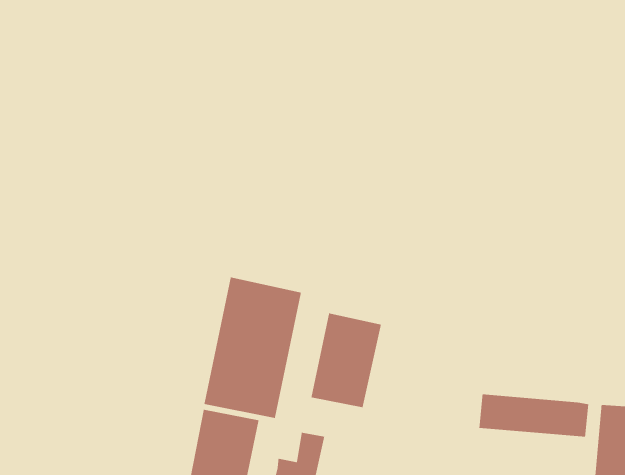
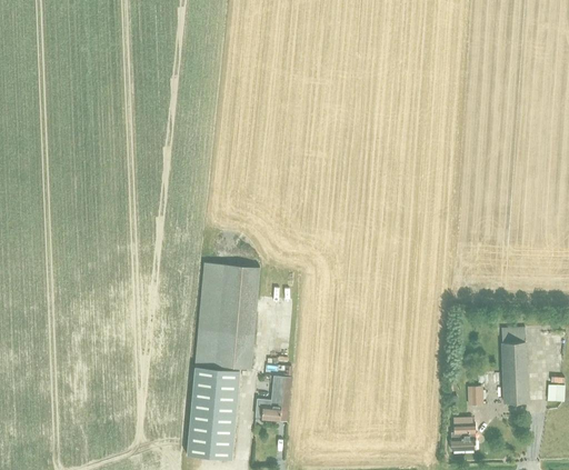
building: [311,312,382,408] -> none
building: [479,393,589,437] -> none

